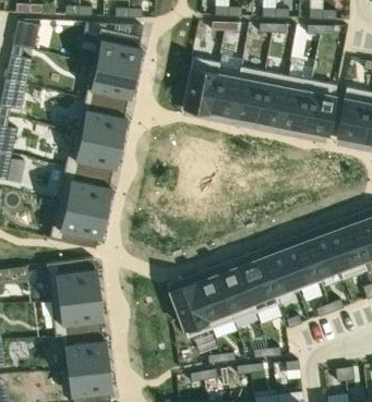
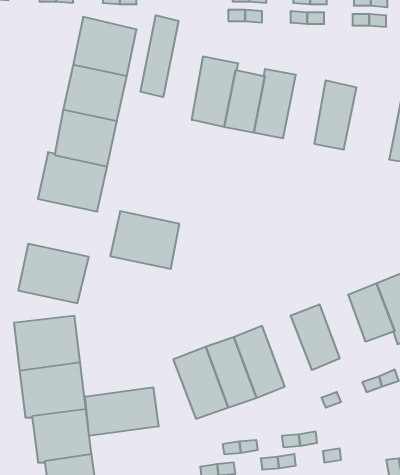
building: none -> [141,15,178,97]
building: [255,73,288,126] -> none
building: [302,83,337,136] -> none
building: [58,169,111,214] -> [110,211,179,269]
building: [284,243,322,292] -> none
building: [239,259,279,314] -> none
building: none -> [85,387,159,436]

